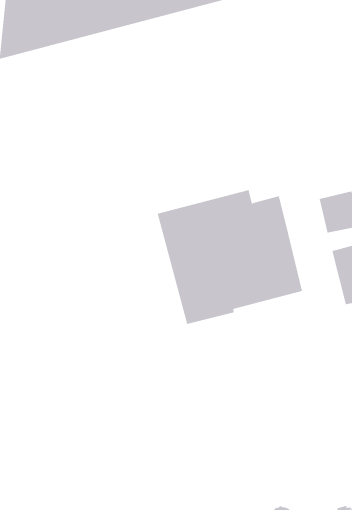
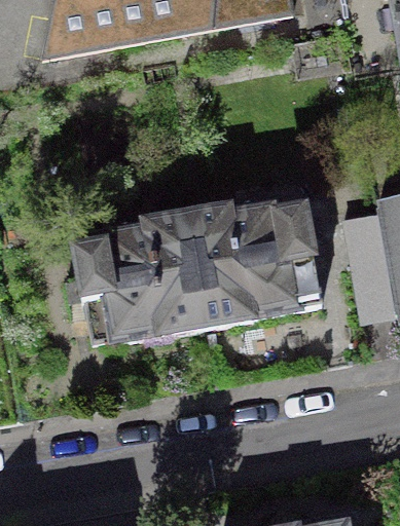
building: none -> [74,219,207,343]

